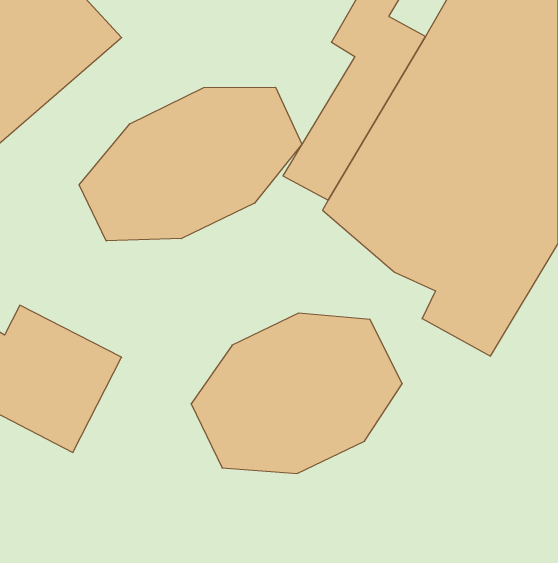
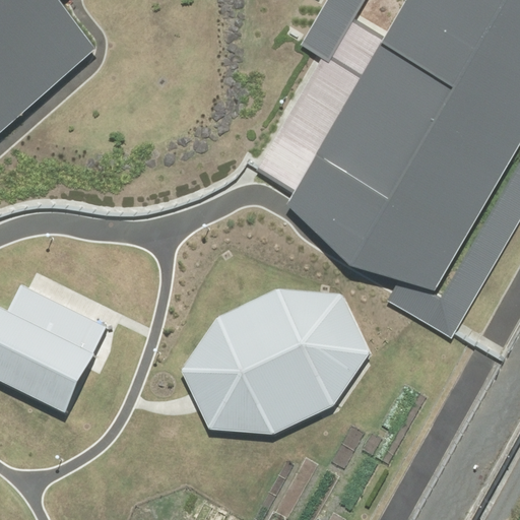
building: [79,87,302,241] -> none

